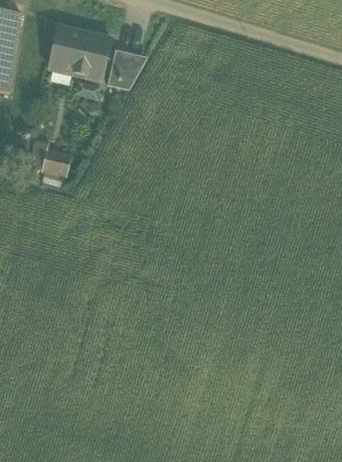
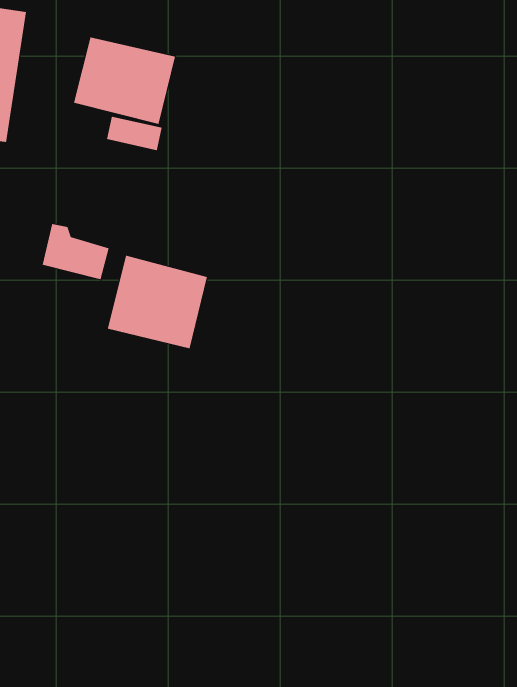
building: [107,48,146,89] -> none
building: none -> [107,255,208,349]

